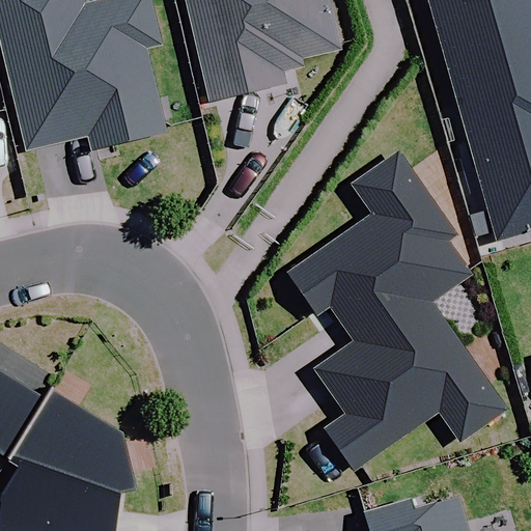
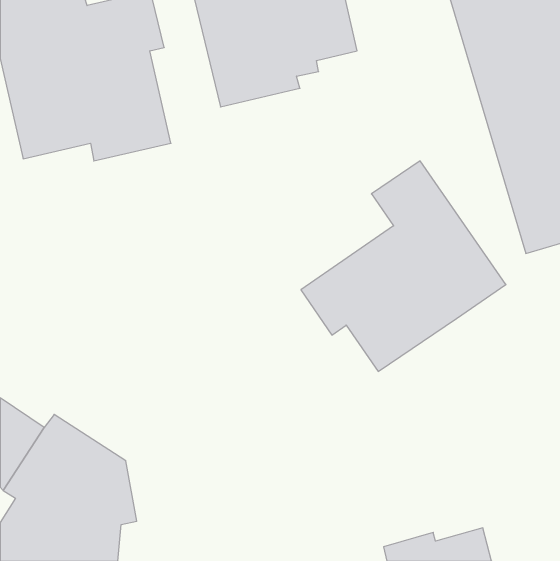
building: [320,300,507,471] -> none

